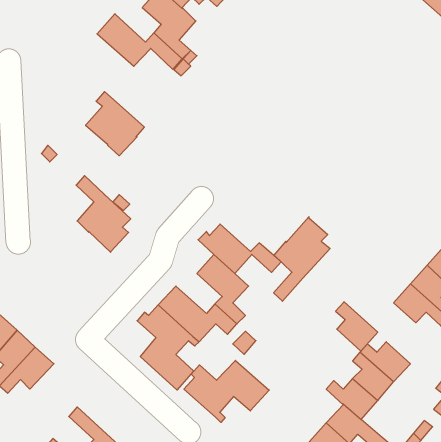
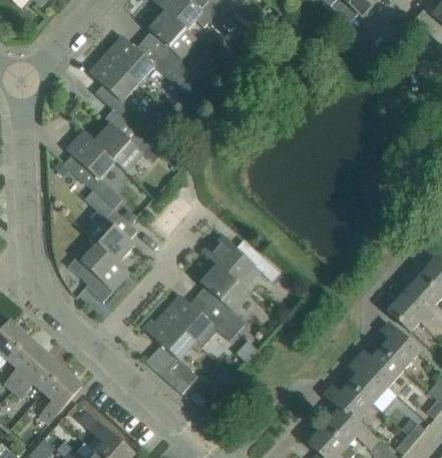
building: none -> [89,54,149,132]
building: none -> [64,130,121,207]
building: [274,217,330,301] -> none
building: none -> [68,243,130,302]
building: [336,302,378,351] -> [380,322,420,369]
building: [184,360,269,422] -> none
building: none -> [39,369,82,423]

